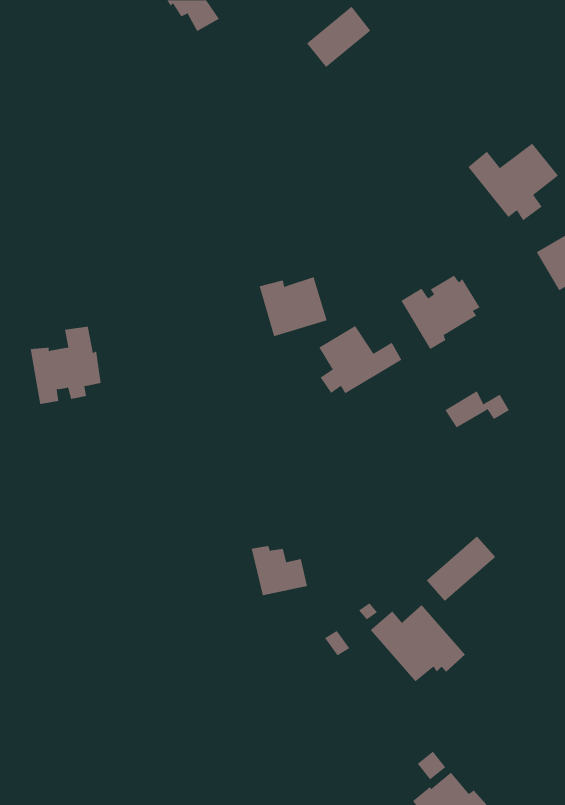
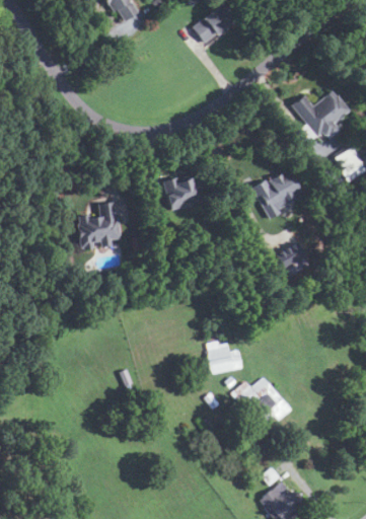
building: [319,325,402,394] -> none
building: [30,326,102,404] -> [76,203,121,251]
building: [426,536,496,602] -> none
building: [251,545,308,596] -> [207,342,242,373]

